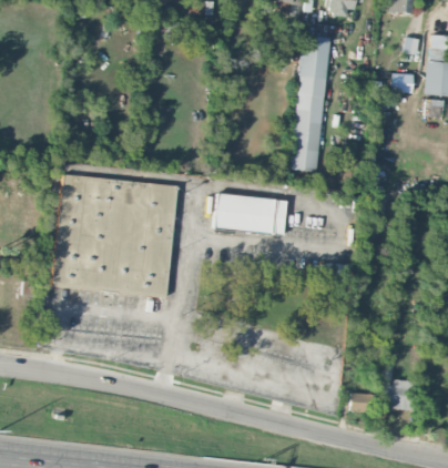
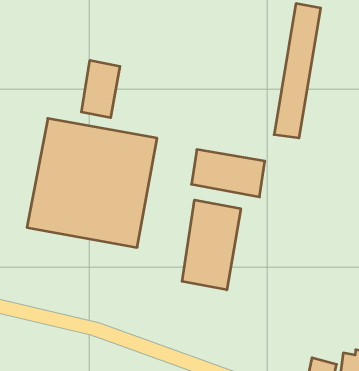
building: none -> [81,60,120,118]
building: none -> [182,200,241,290]

